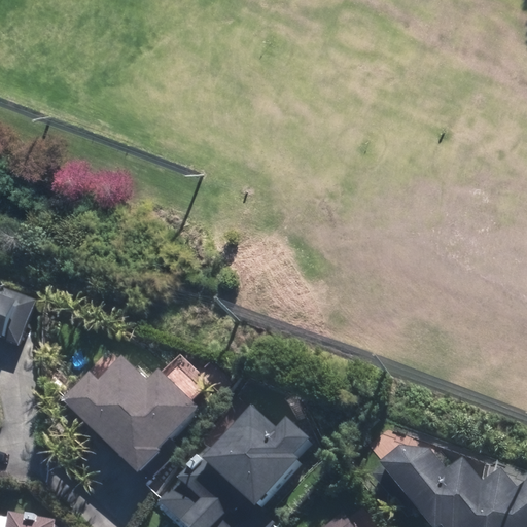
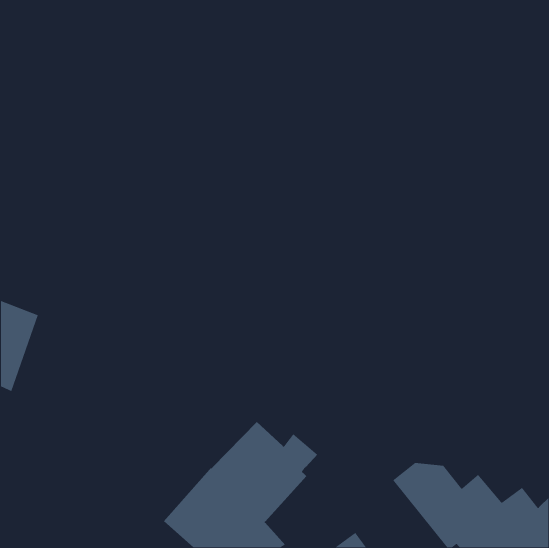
building: [73,366,204,478] -> none

